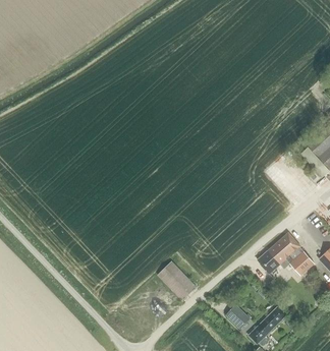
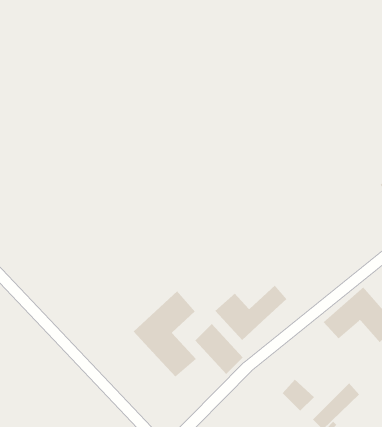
building: none -> [214,285,287,341]
building: none -> [133,291,197,377]

